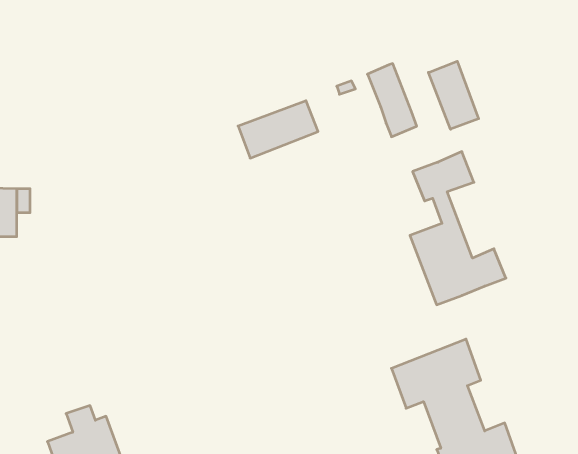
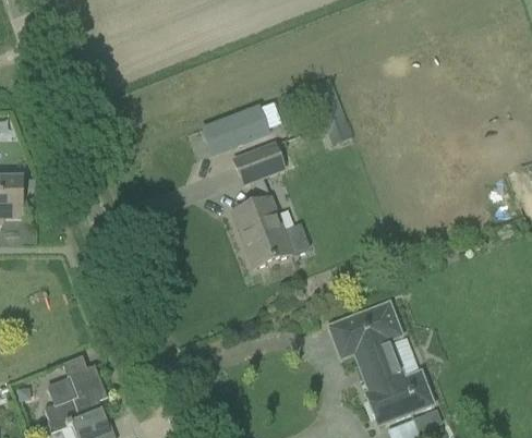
building: [428,61,479,129] -> none
building: [410,152,506,305] -> [231,142,310,267]

